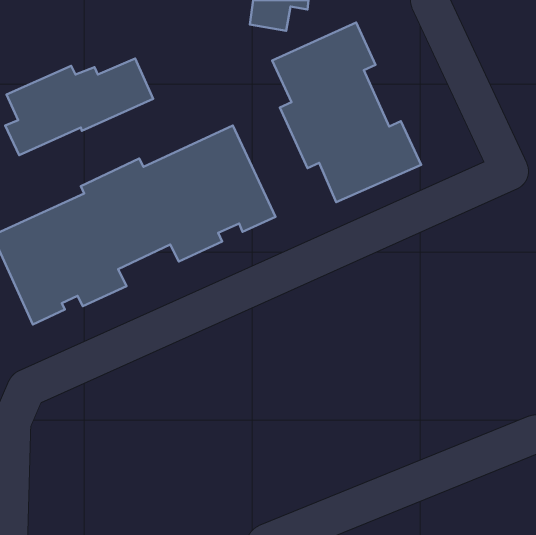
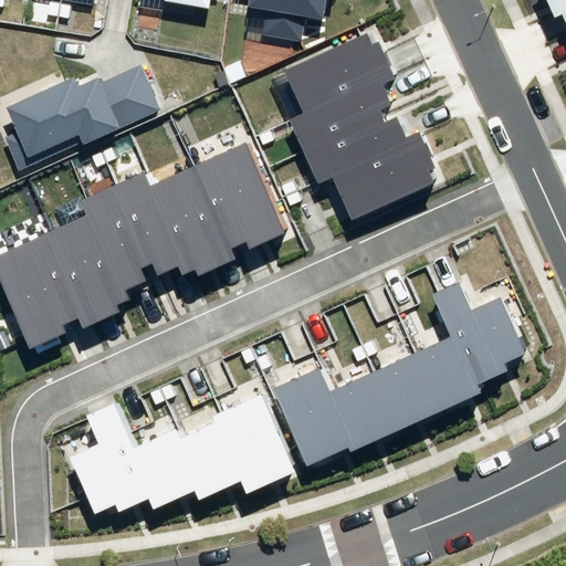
building: none -> [274,286,518,463]
building: none -> [70,395,297,512]

